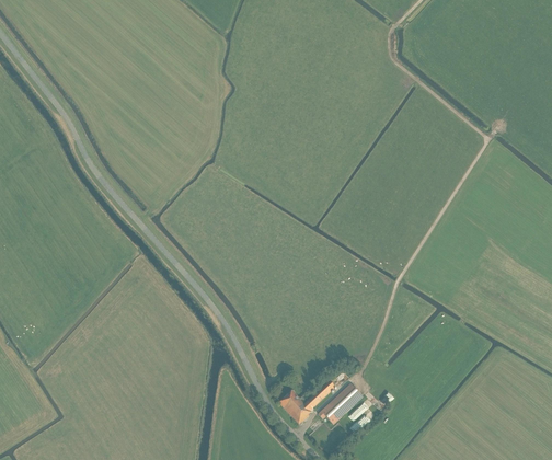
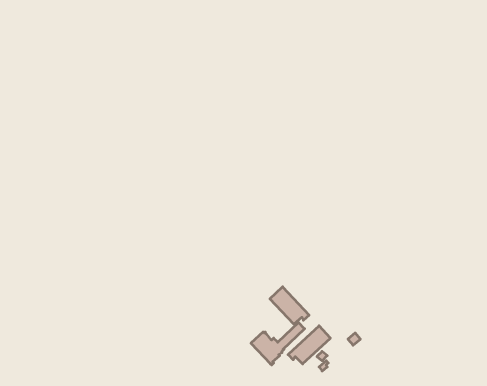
building: none -> [270,287,309,324]

